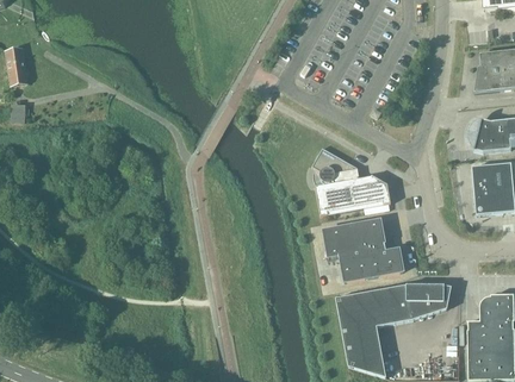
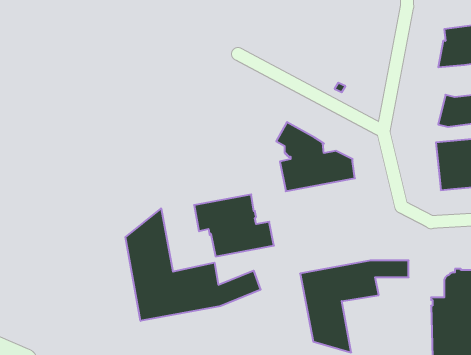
building: [324,219,404,281] -> [194,194,274,256]
building: none -> [125,208,261,321]

